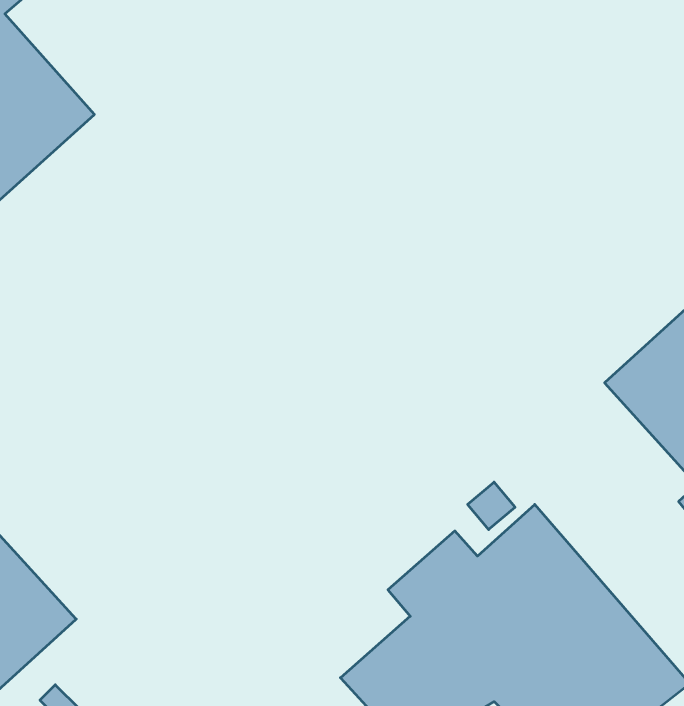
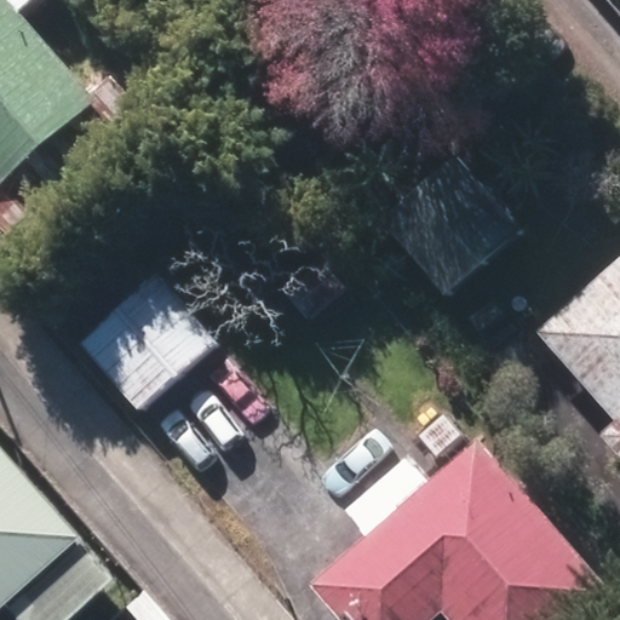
building: none -> [384,161,518,295]
building: none -> [82,276,242,411]

